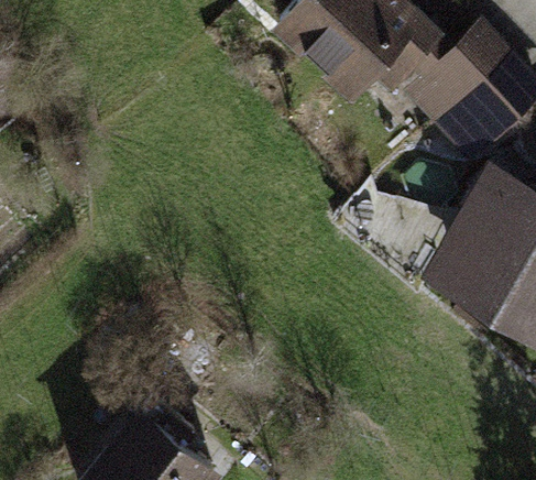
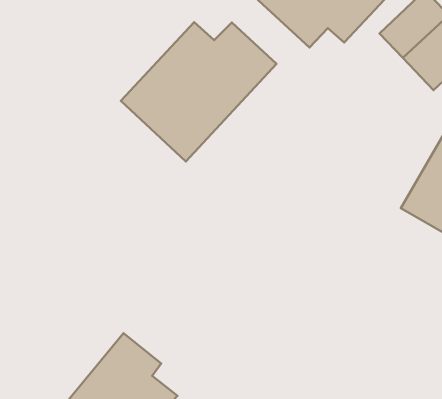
building: none -> [121,22,276,161]

